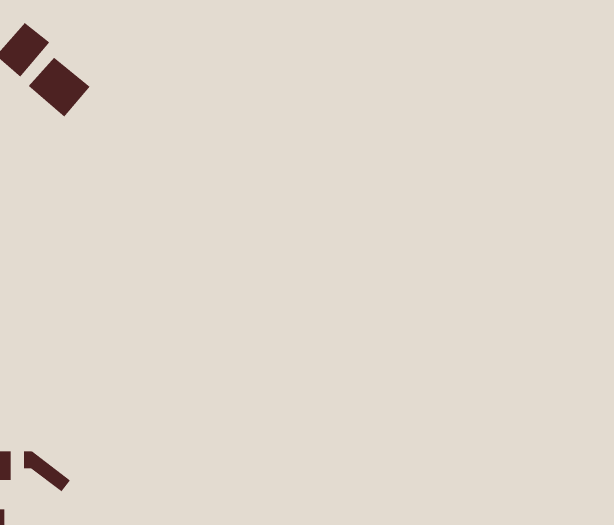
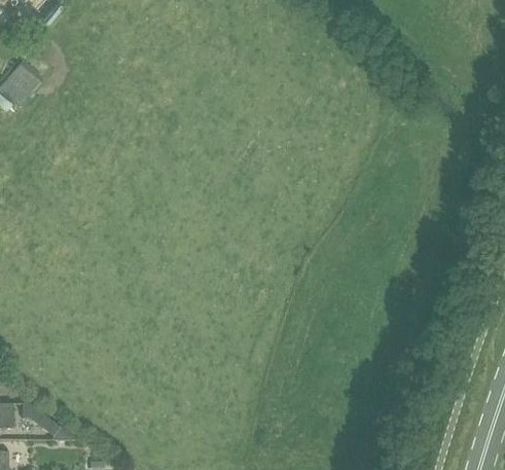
building: [28,57,91,117] -> none

